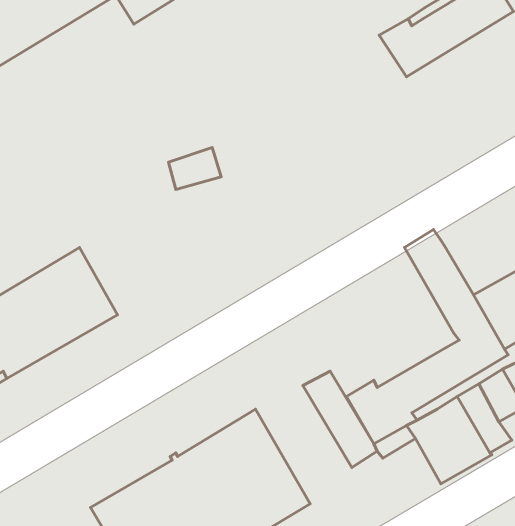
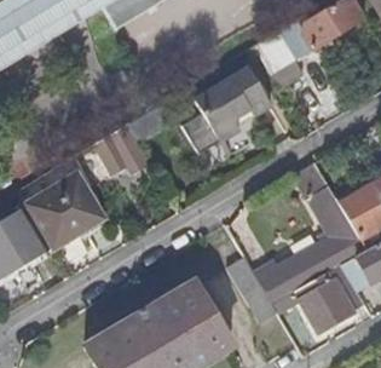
building: none -> [254,30,302,86]
building: none -> [194,67,271,142]
building: none -> [94,122,150,173]

